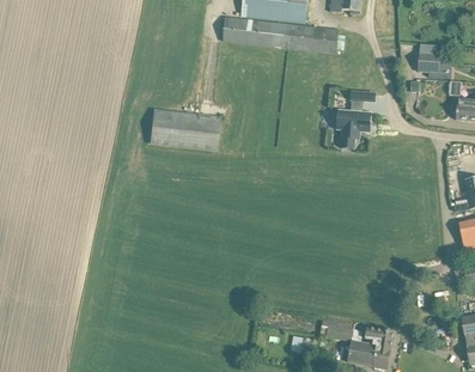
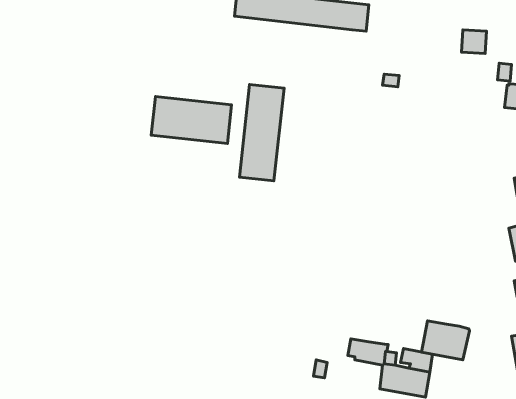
building: none -> [239,84,284,181]
building: [337,109,372,139] -> none
building: none -> [421,321,470,360]

